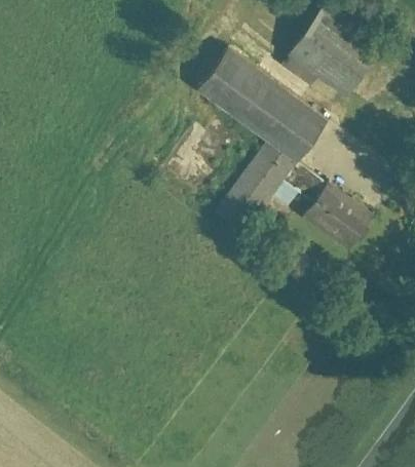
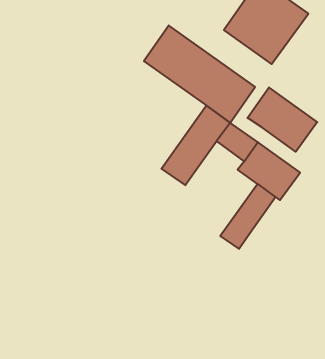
building: none -> [247,87,317,152]
building: none -> [220,184,276,249]

